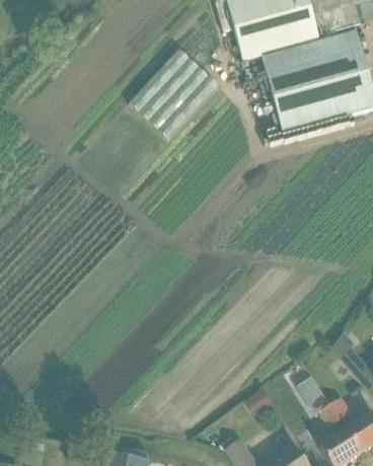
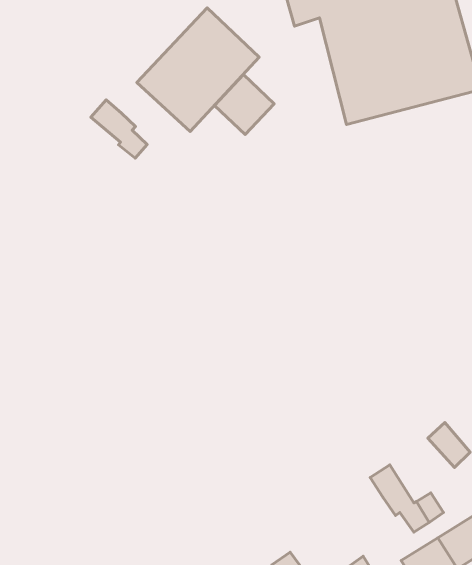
building: none -> [215,75,274,135]
building: none -> [91,100,147,158]

